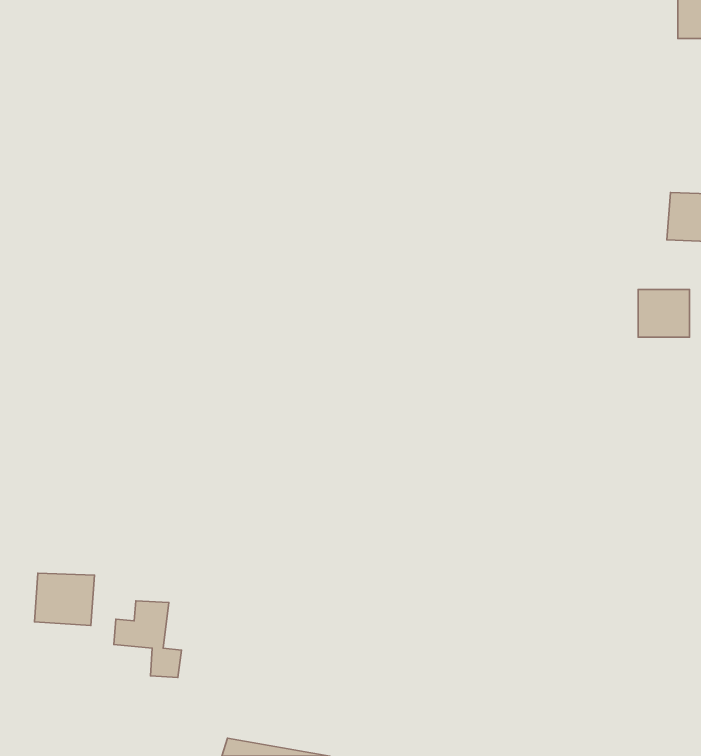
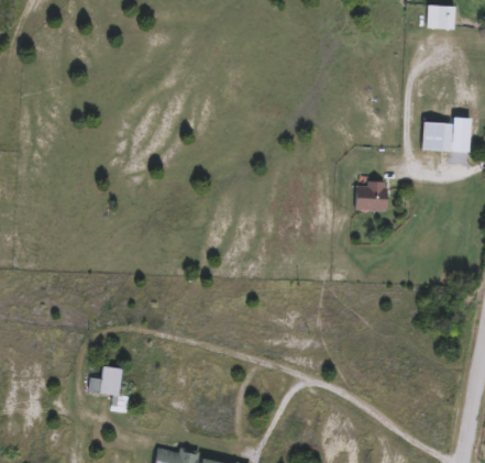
building: [638,289,690,337] -> [357,181,388,210]
building: [34,573,94,626] -> none

